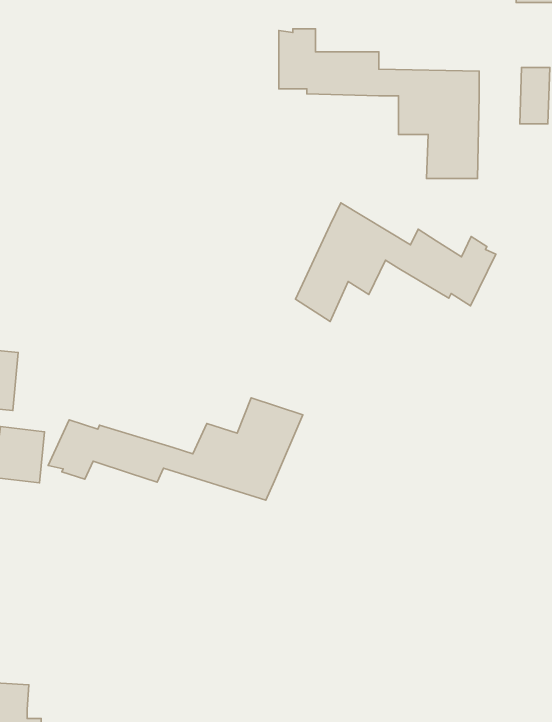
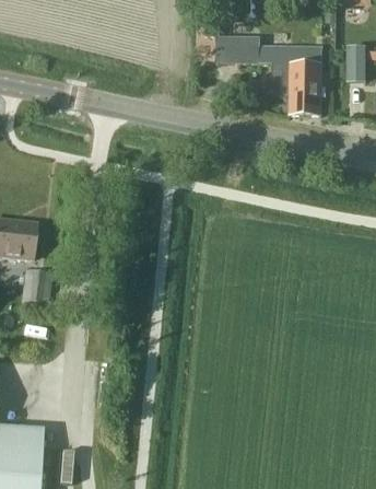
building: [295,203,496,322] -> none
building: [48,398,303,500] -> none

